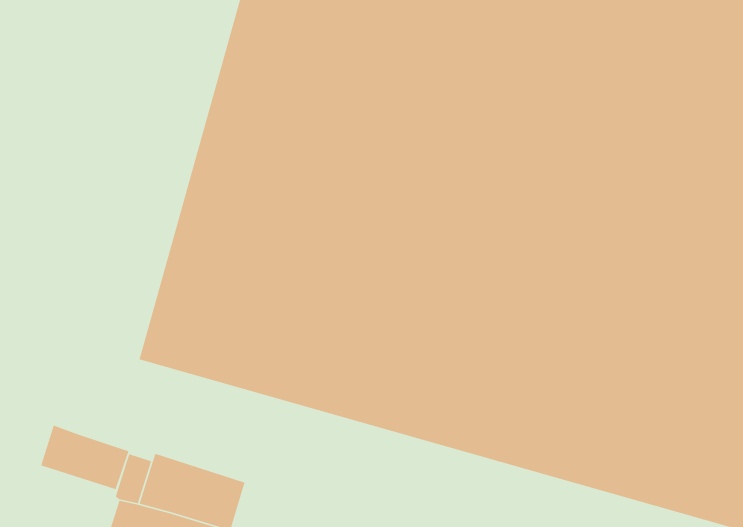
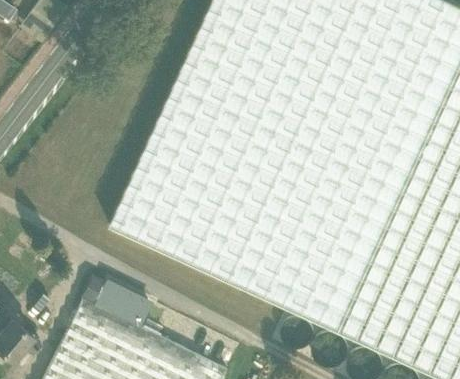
building: [40,424,129,490] -> none

